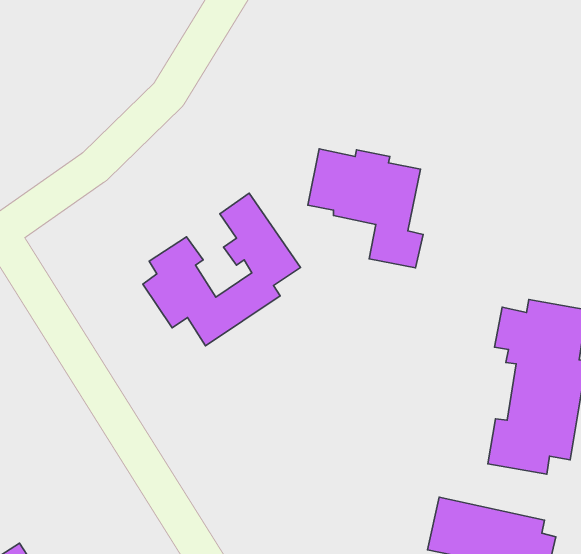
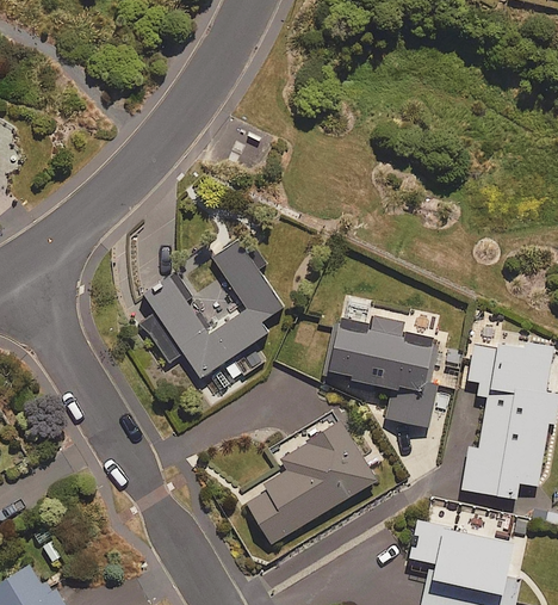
building: [308,149,423,268] -> [329,316,436,427]
building: none -> [244,419,377,544]

